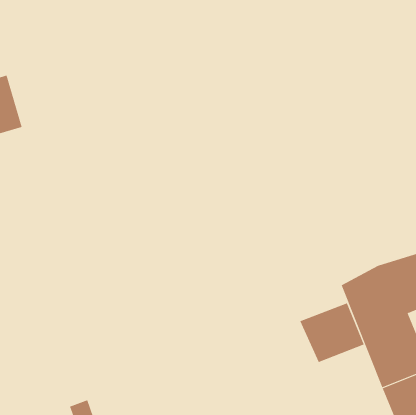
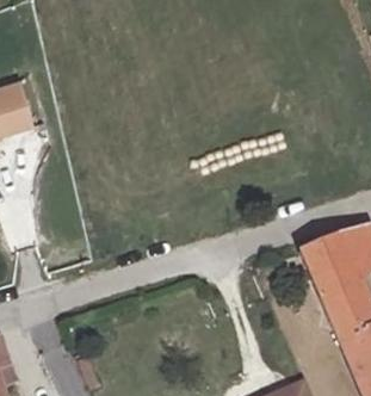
building: [300,303,364,363] -> none

